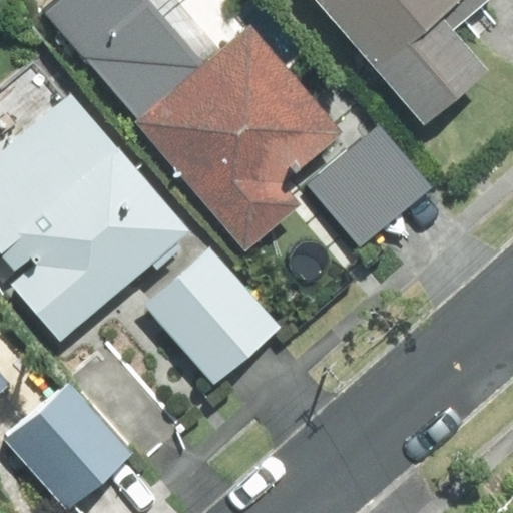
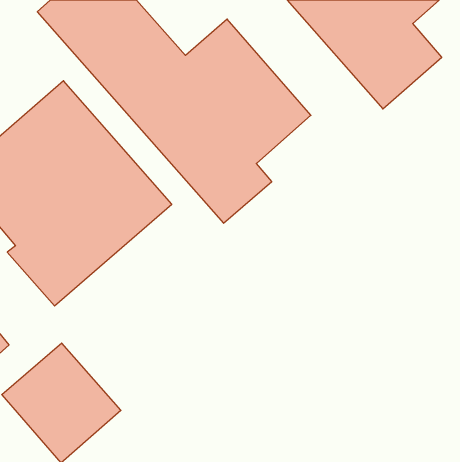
building: [305,125,429,247] -> none
building: [142,246,280,386] -> none

